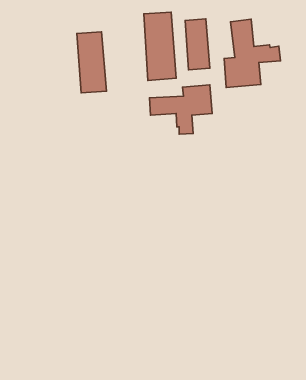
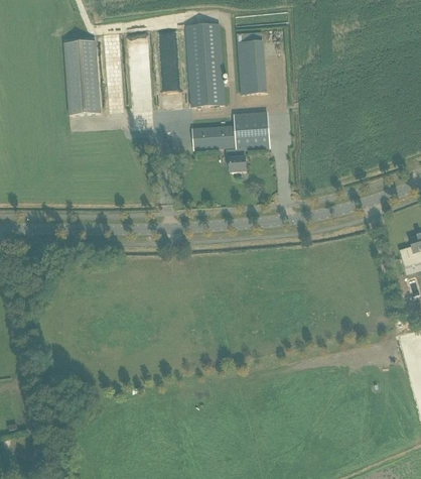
building: [224,19,281,87] -> none
building: [77,32,107,93] -> [63,39,100,114]

